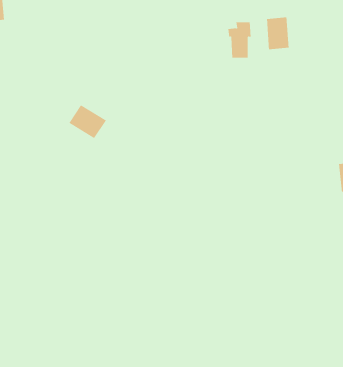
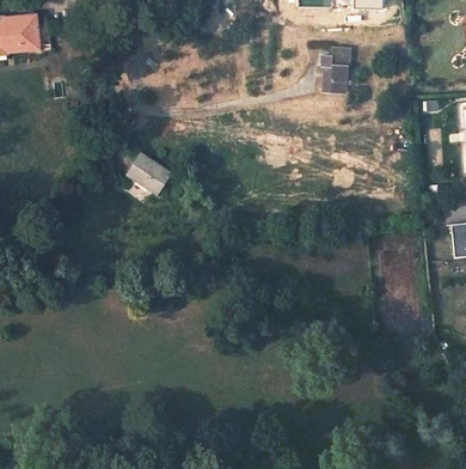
building: [266,16,289,50] -> none

